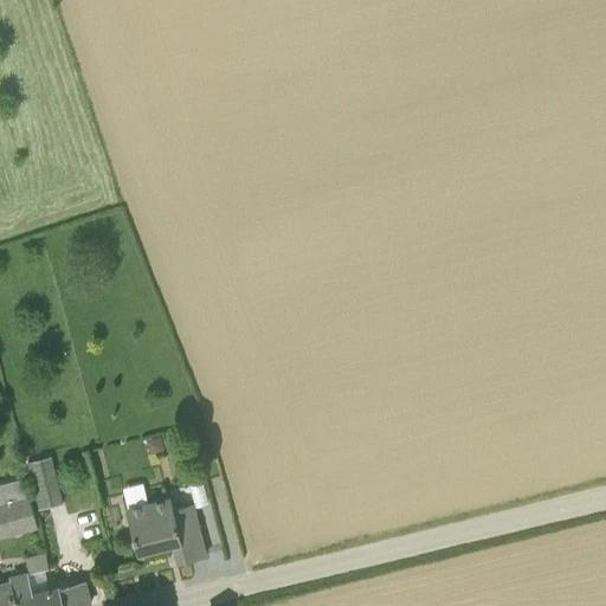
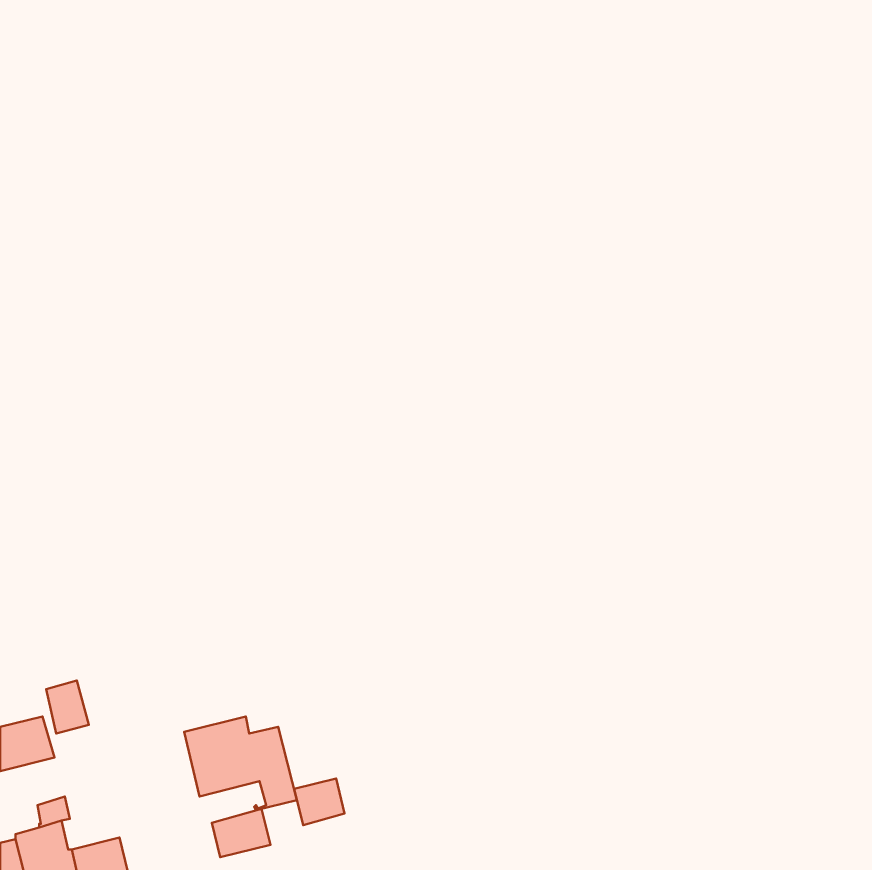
building: none -> [294,778,344,825]
building: none -> [212,809,271,857]

